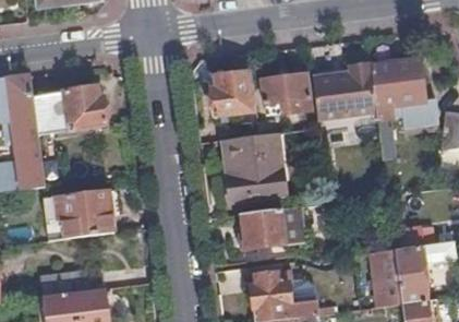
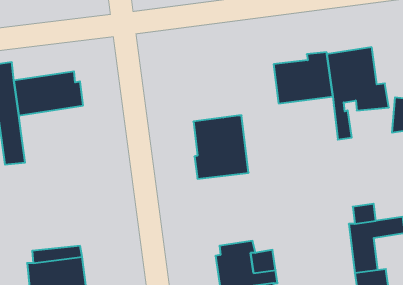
building: [210,72,252,116] -> none
building: [261,74,312,112] -> none
building: [44,190,112,239] -> none
building: [241,210,286,250] -> none
building: [371,251,401,309] -> none

